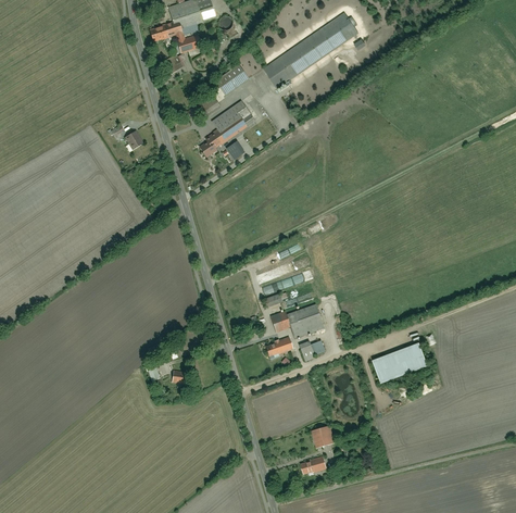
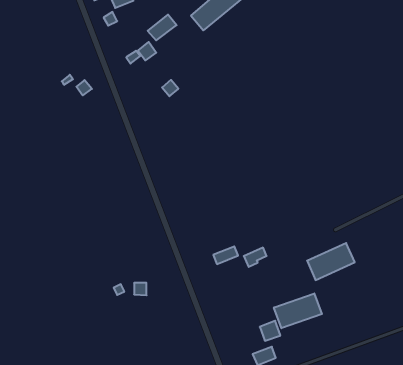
building: [200,99,255,157] -> none
building: [270,303,325,336] -> none
building: none -> [274,293,322,328]

